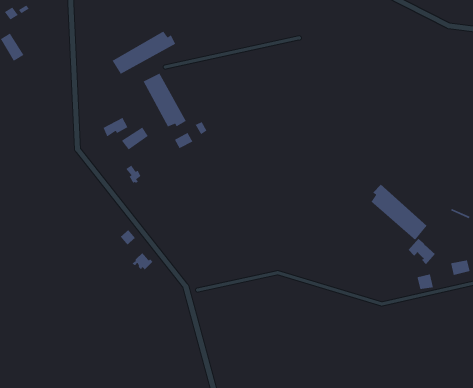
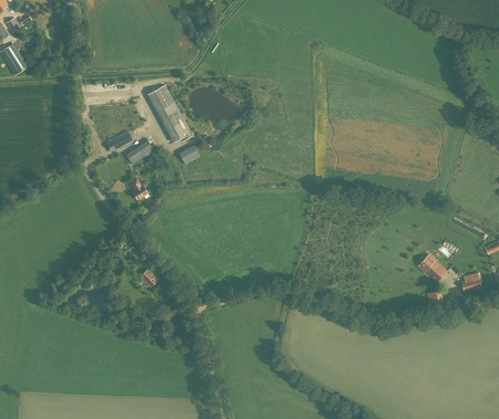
building: [111,31,176,75] -> none
building: [370,184,428,241] -> none

